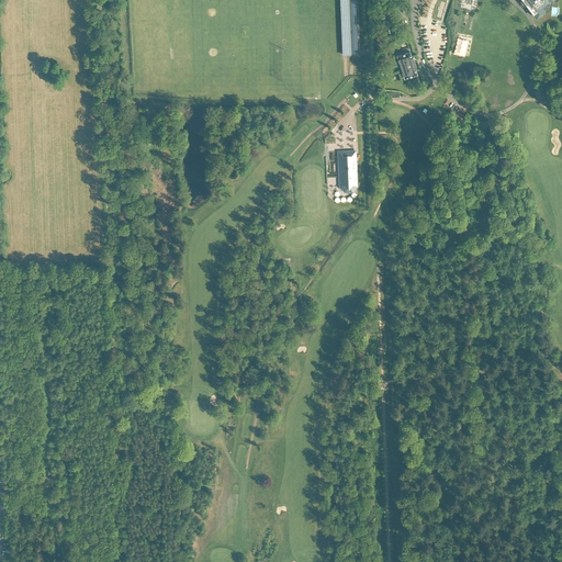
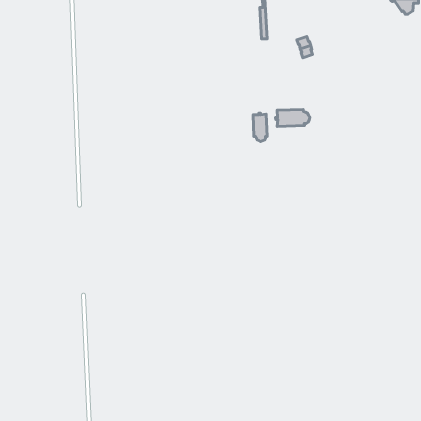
building: none -> [276,109,310,127]

